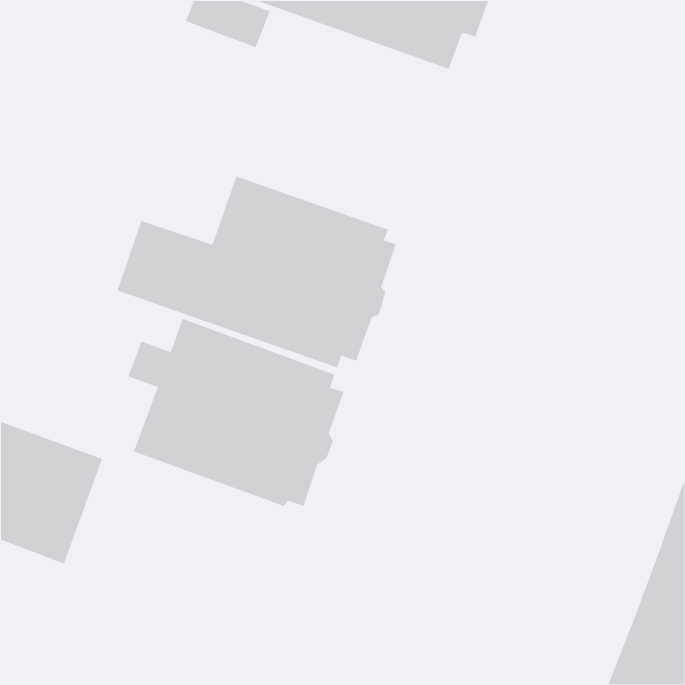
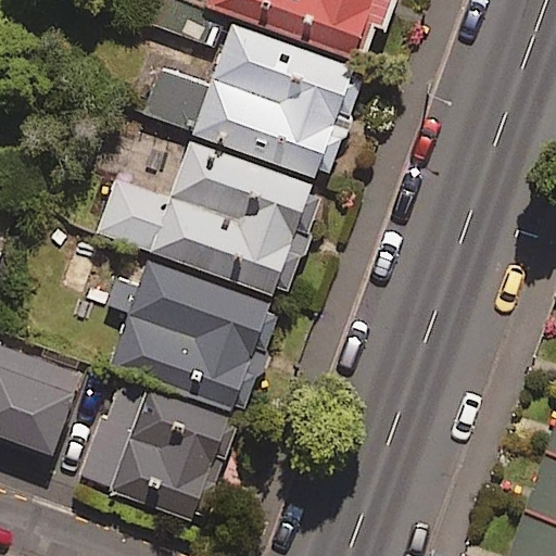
building: none -> [143,24,367,174]
building: none -> [76,378,237,519]

